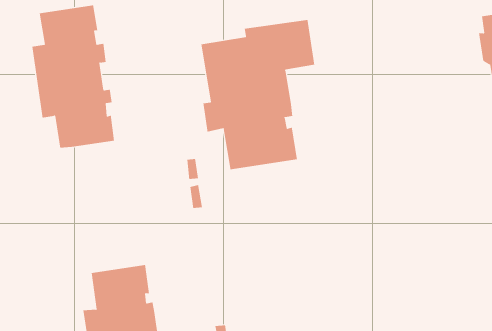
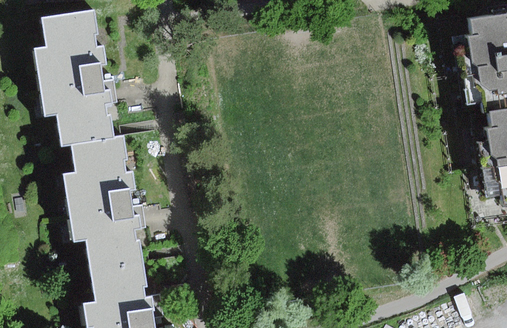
building: [201,19,315,170] -> none
building: none -> [63,137,144,266]

